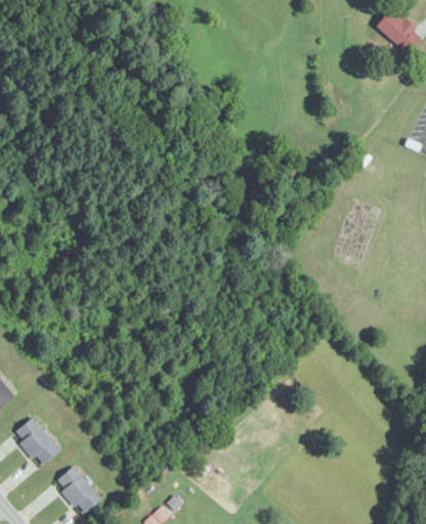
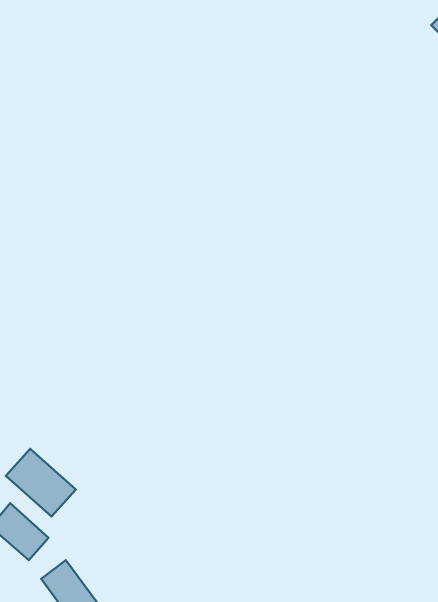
building: none -> [6,449,76,516]

